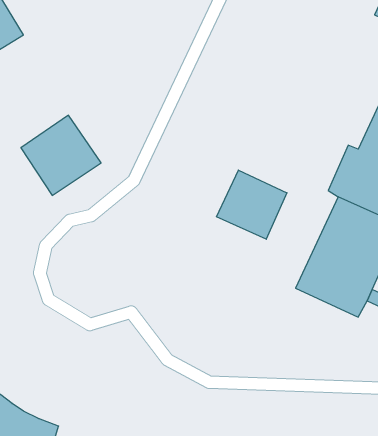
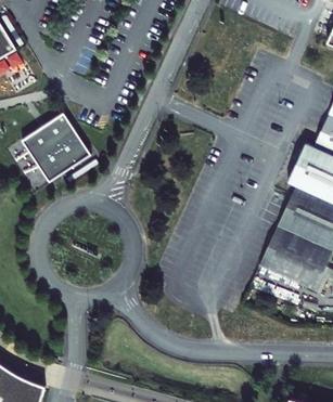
building: [217,170,287,239] -> none

